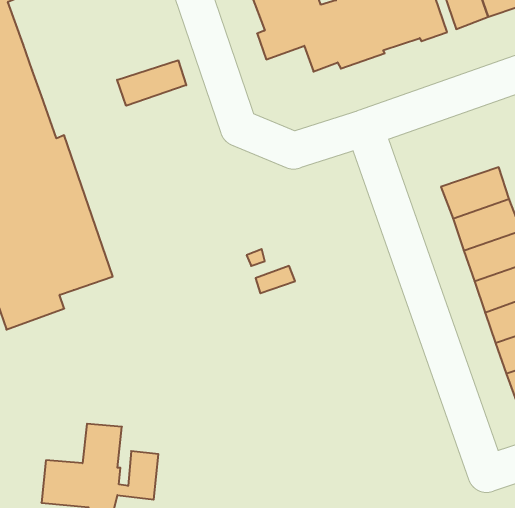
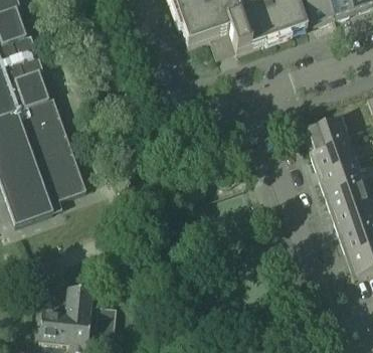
building: [117,60,186,106] -> none

